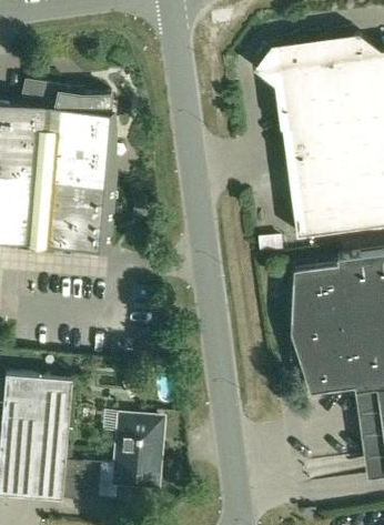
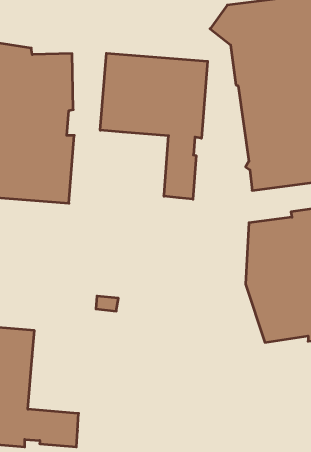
building: none -> [100,53,208,199]
building: [118,420,162,488] -> none

